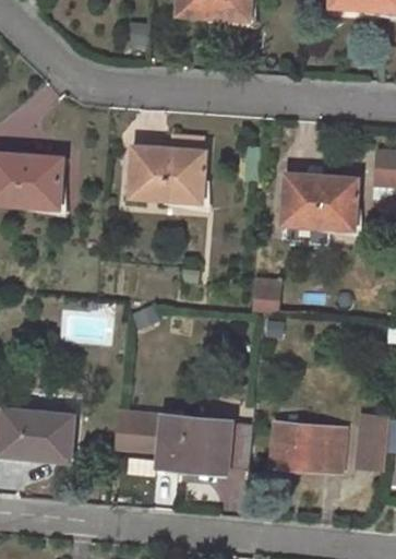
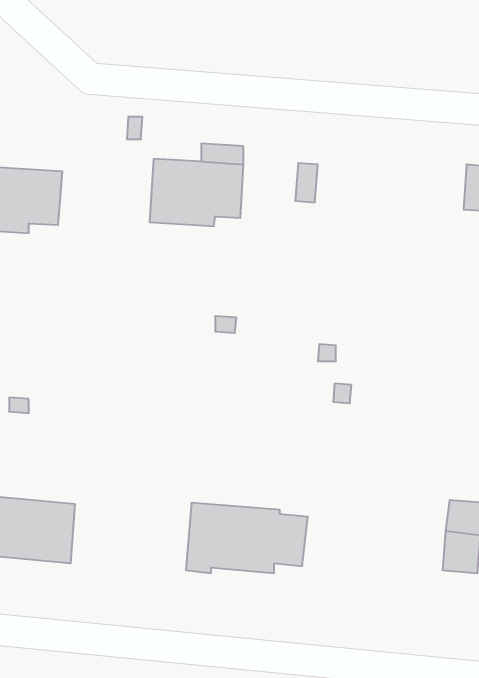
building: [283,175,355,226] -> none
building: [118,411,159,453] -> none
building: [269,423,344,473] -> none

